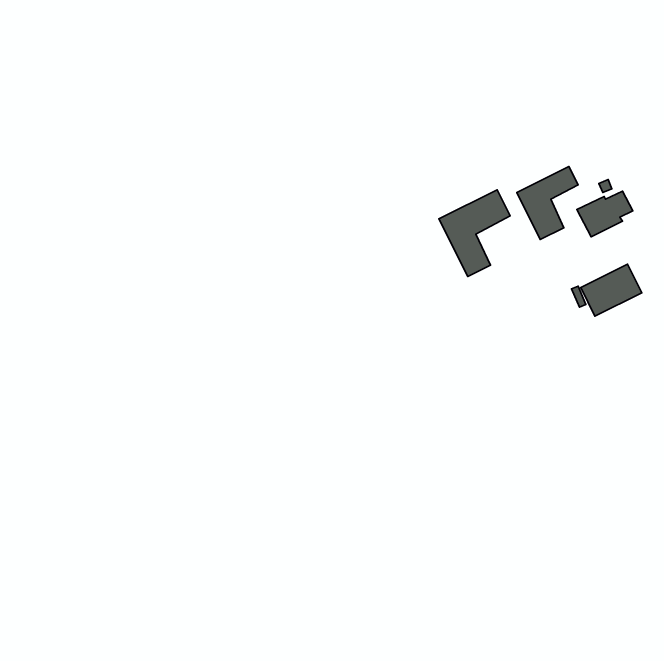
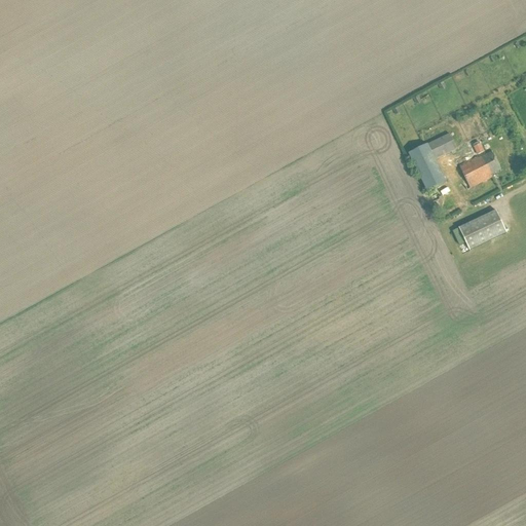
building: [439,190,510,276] -> none

